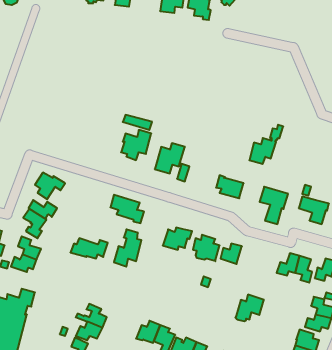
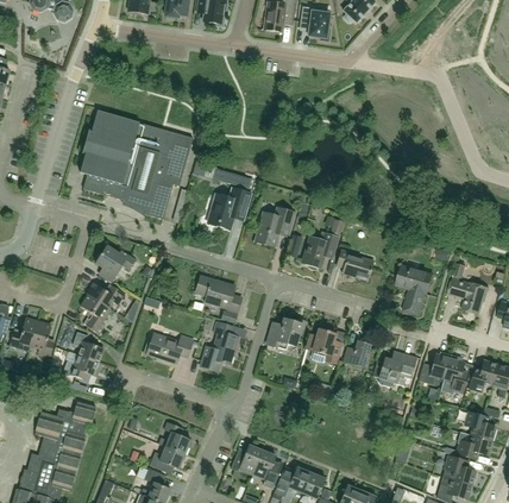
building: none -> [80,109,193,219]
building: [249,125,283,164] -> [303,213,348,265]
building: [235,295,264,321] -> [378,350,416,385]

